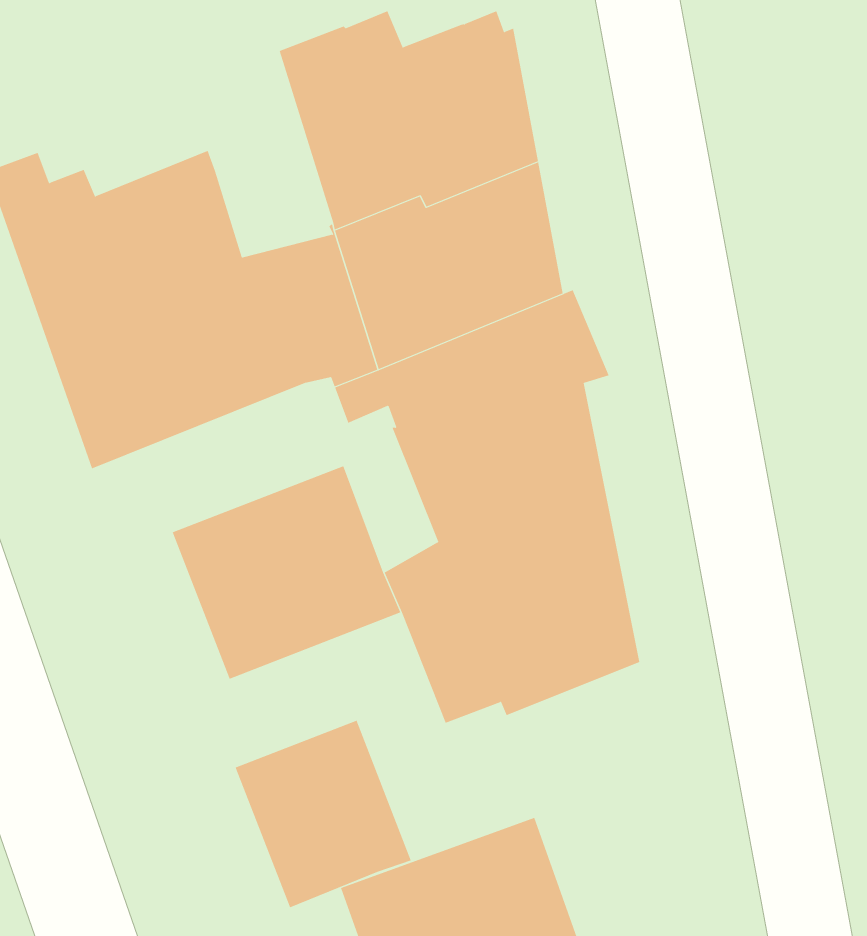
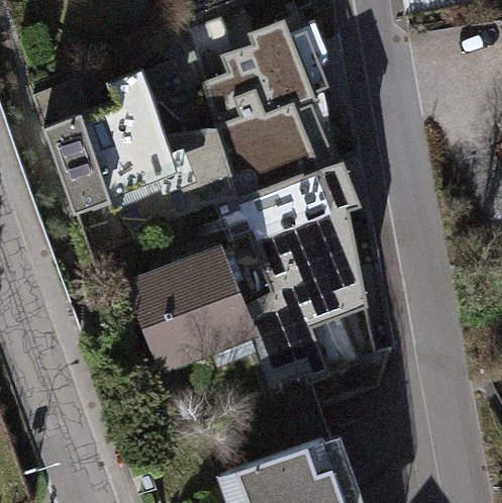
building: [235,720,412,908] -> none

